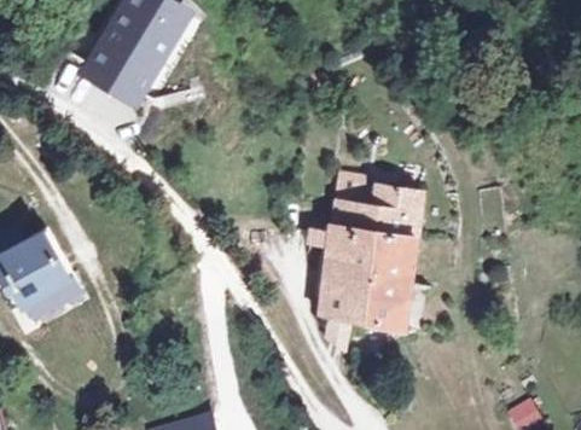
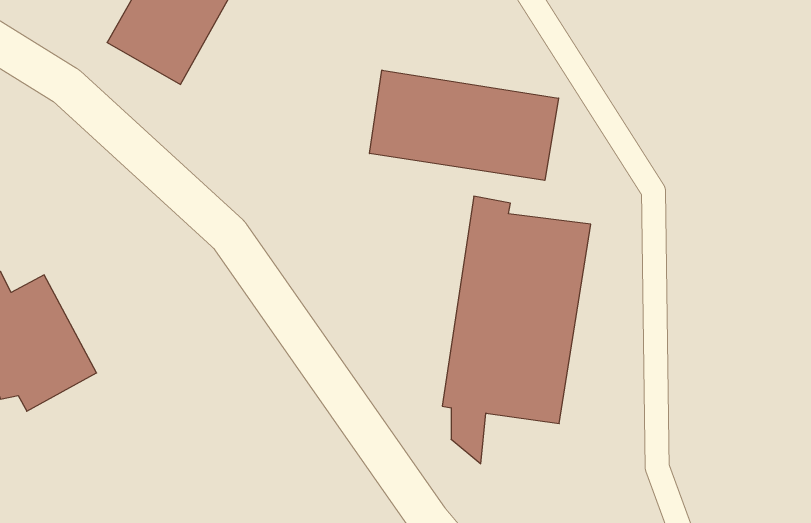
building: none -> [370,70,559,180]

